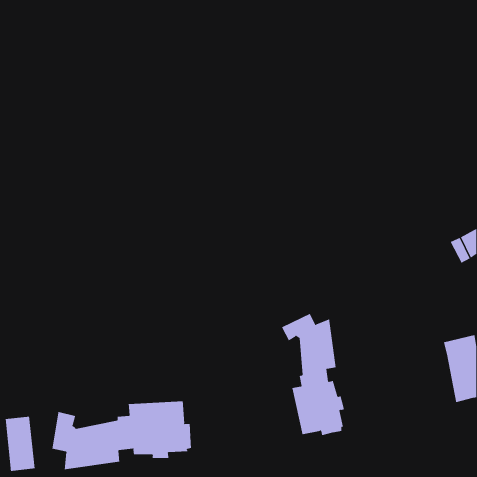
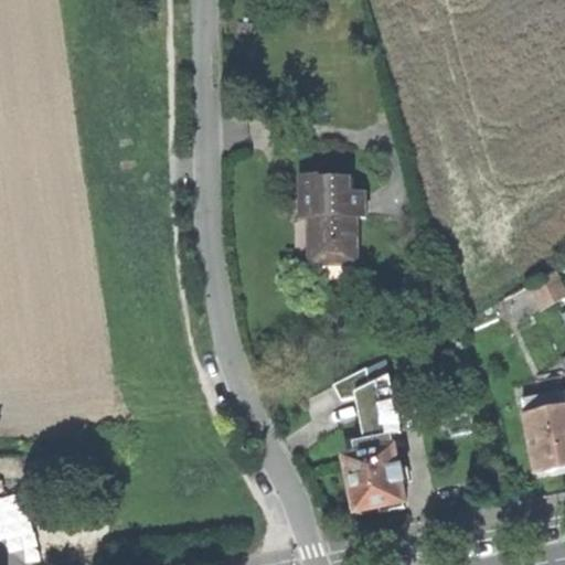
building: none -> [297,173,363,263]
building: [52,401,192,470] -> none

